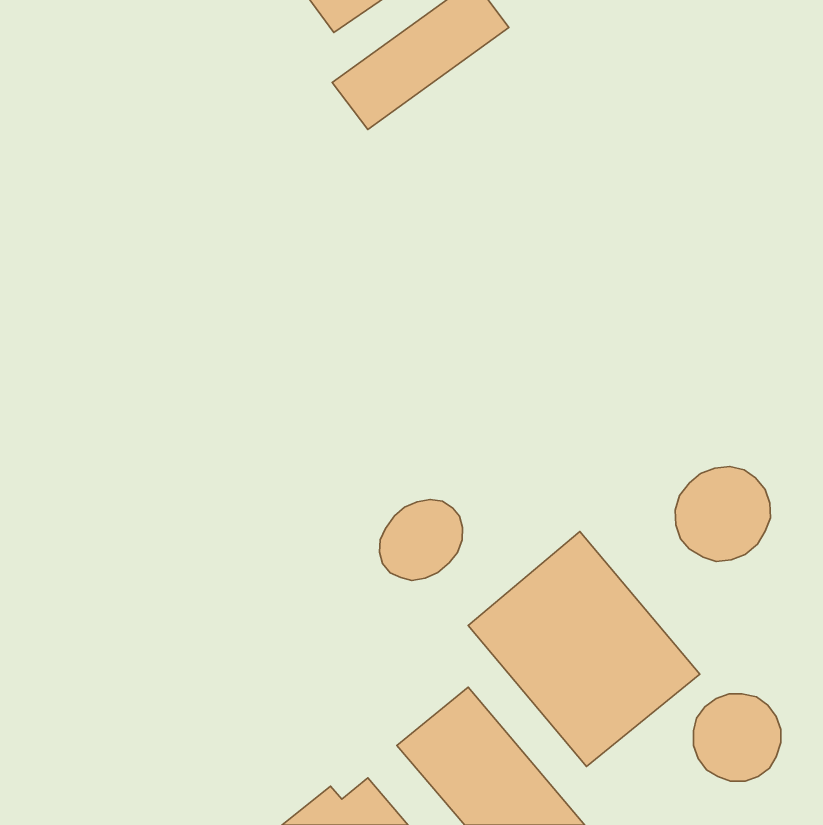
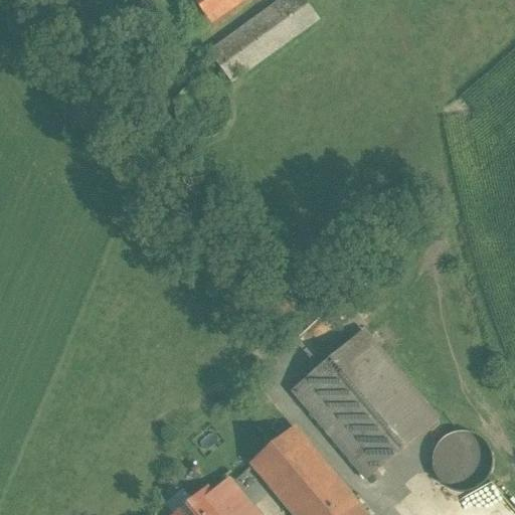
building: [675,467,771,562] -> none
building: [380,499,463,580] -> none

